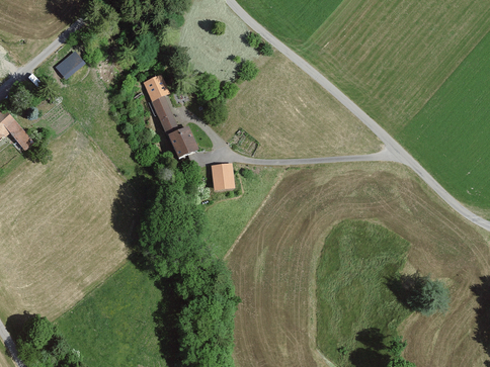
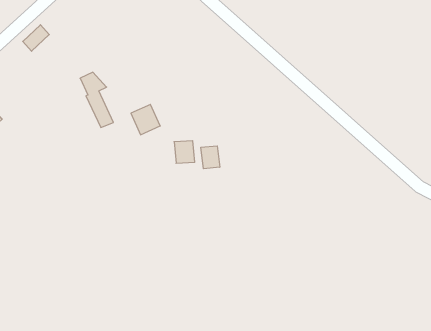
building: [144,77,178,133] -> [80,72,113,127]
building: none -> [201,146,220,169]

